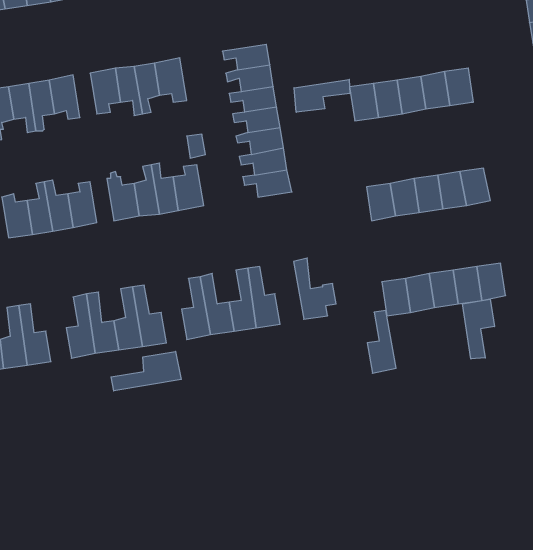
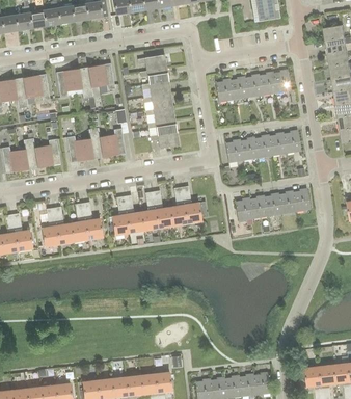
building: [294,79,350,112] -> none
building: [463,299,494,359] -> none
building: [367,311,396,373] -> [169,188,187,227]
building: [111,351,181,391] -> none

